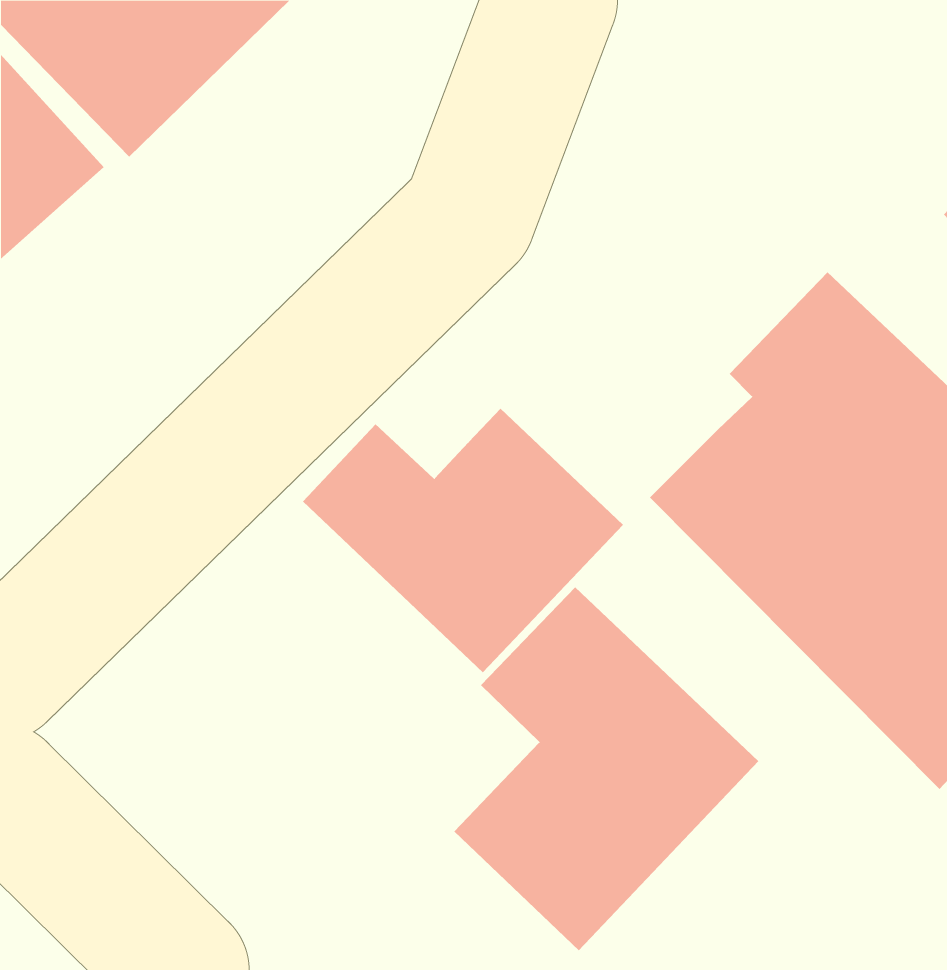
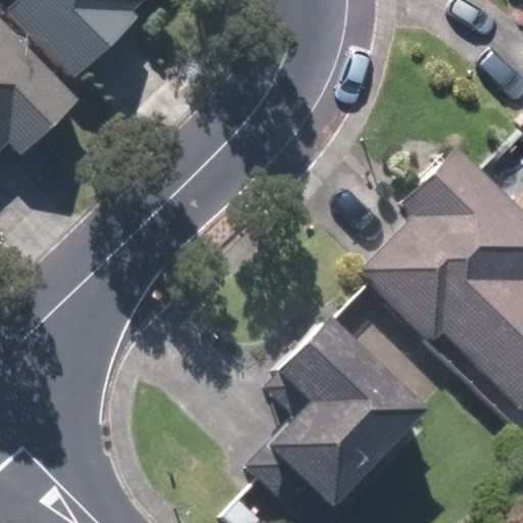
building: [302,408,624,673] -> none

